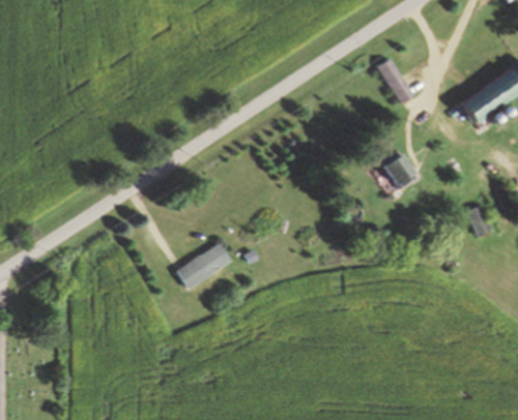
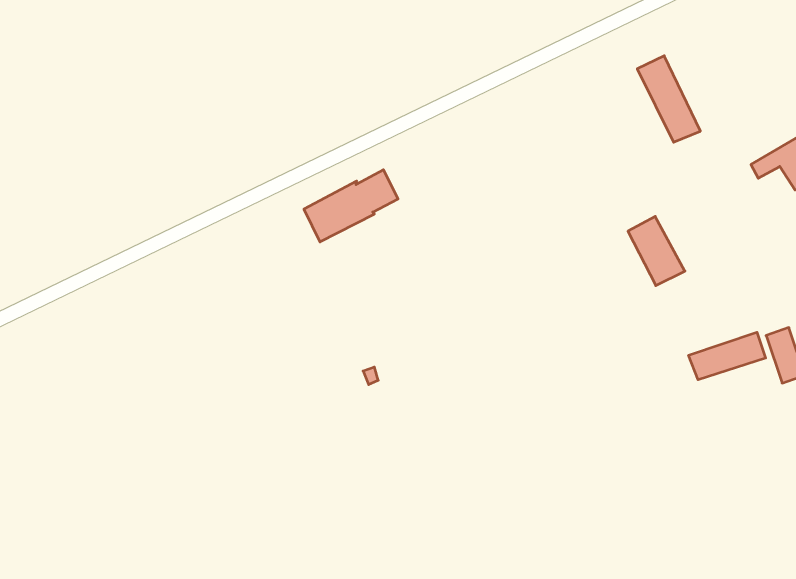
building: none -> [689,332,766,380]
building: [178,243,231,289] -> [304,170,398,242]

